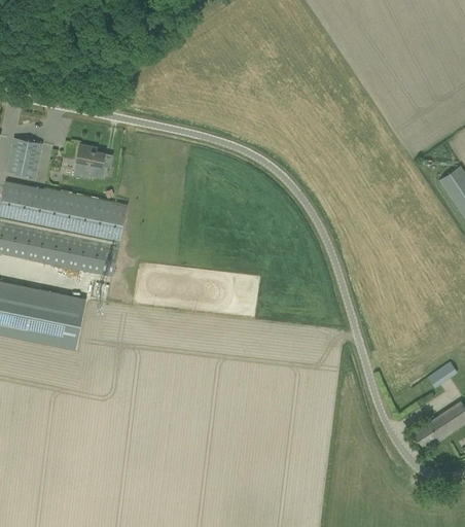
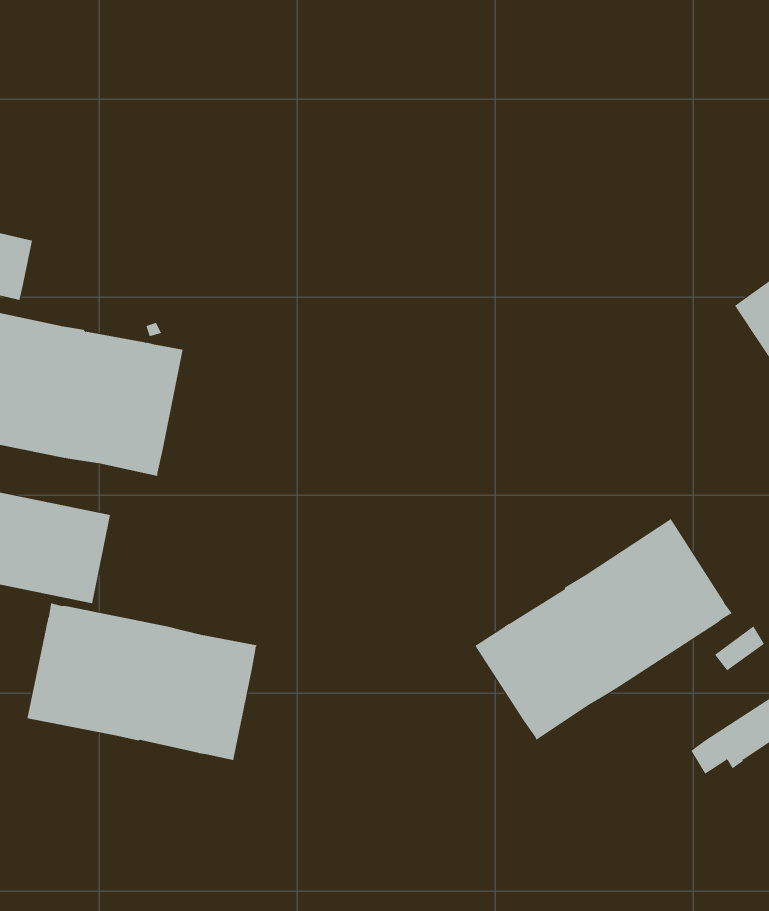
building: [76,144,105,179] -> none
building: none -> [474,518,732,741]
building: none -> [27,603,257,761]

